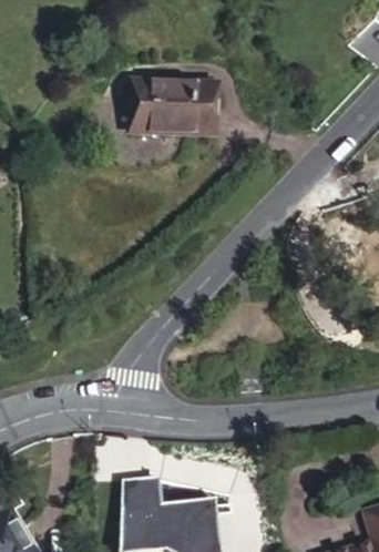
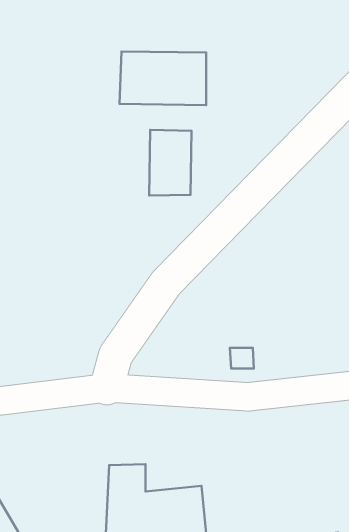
building: none -> [149,130,191,195]

